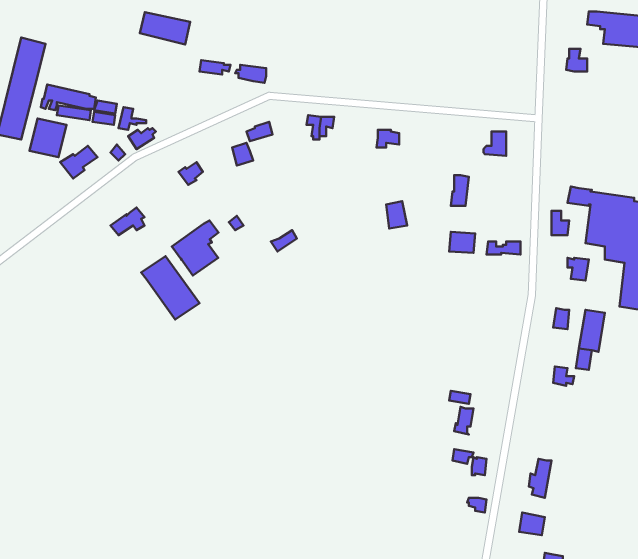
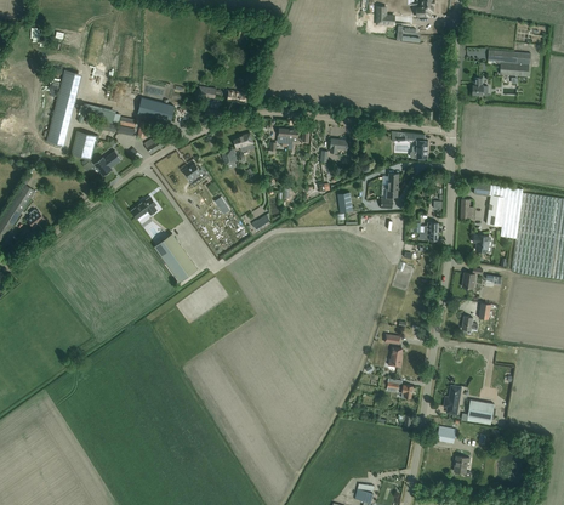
building: [140,12,190,45] -> [137,97,175,121]
building: [172,221,218,275] -> none
building: none -> [467,399,494,425]

